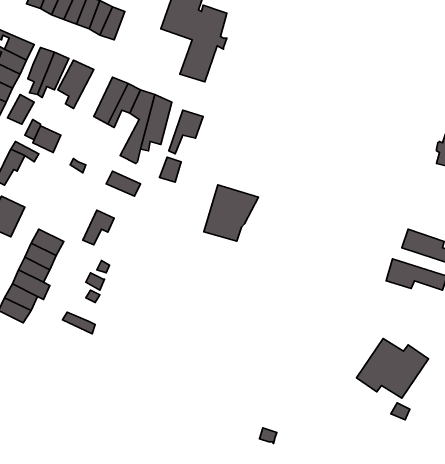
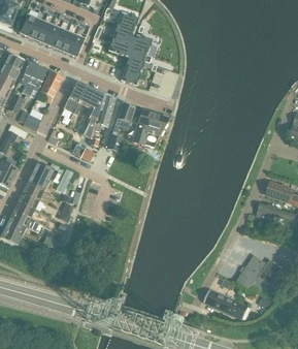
building: [204,185,259,241] -> [132,109,168,147]
building: none -> [27,161,53,190]
building: none -> [203,289,249,319]

